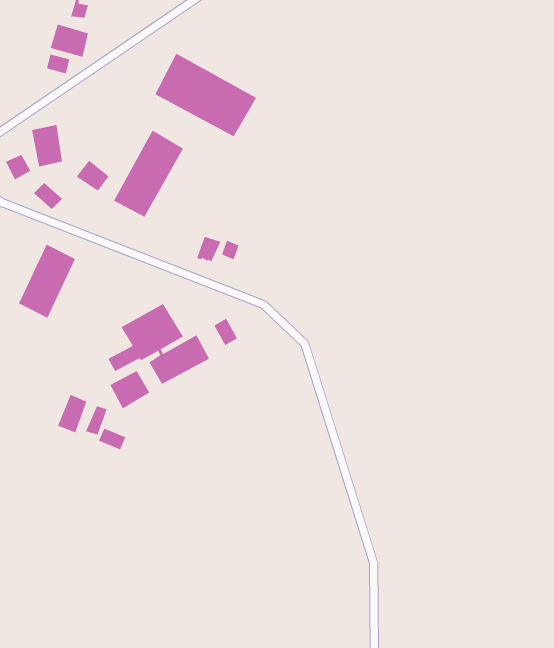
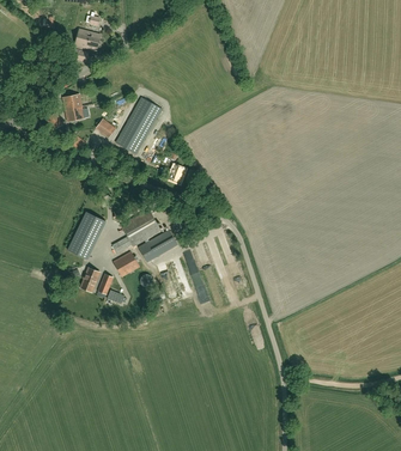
building: [154,53,257,137] -> none
building: [18,244,76,318] -> [67,211,104,258]

